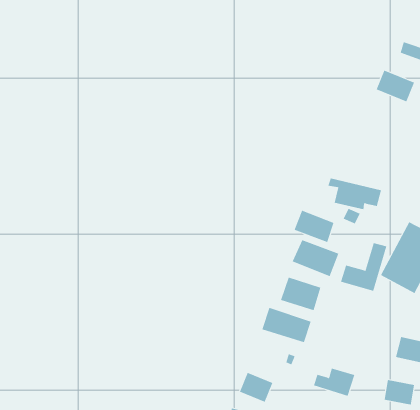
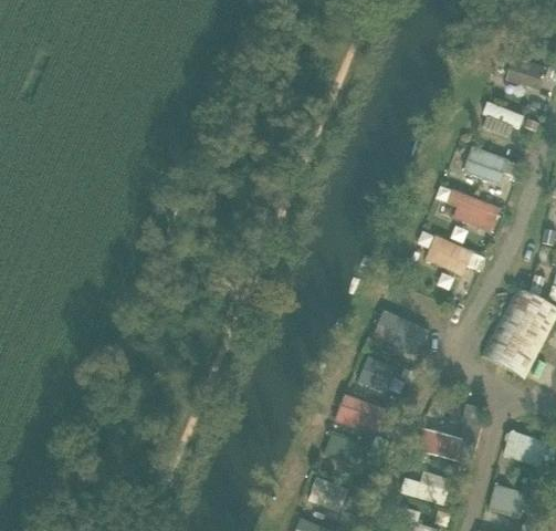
building: none -> [448,147,517,183]
building: none -> [448,190,502,231]
building: [294,210,334,243] -> none
building: [340,243,387,292] -> [424,402,483,462]

